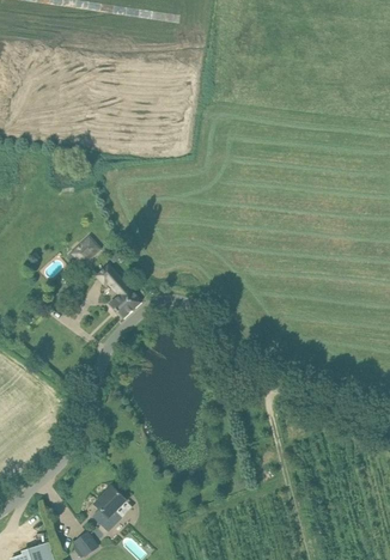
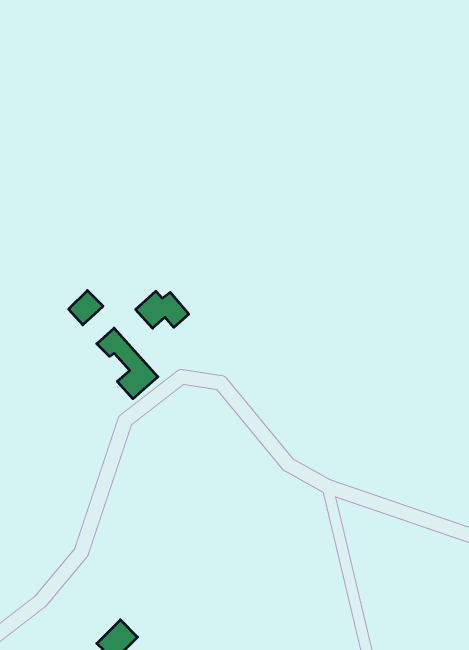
building: none -> [136,291,189,328]

